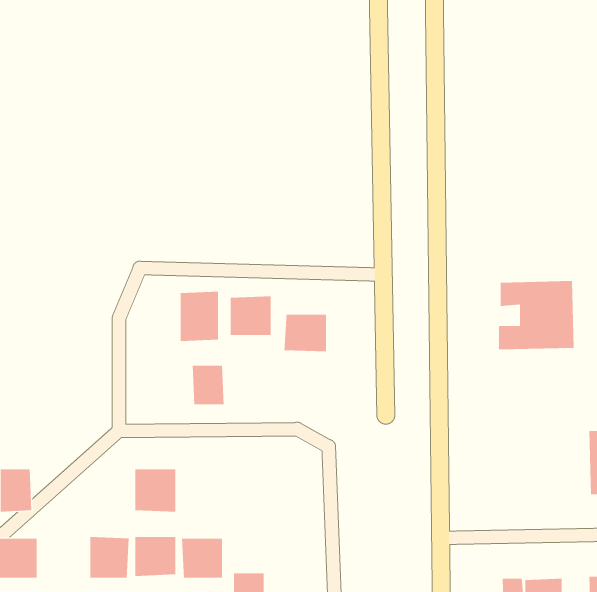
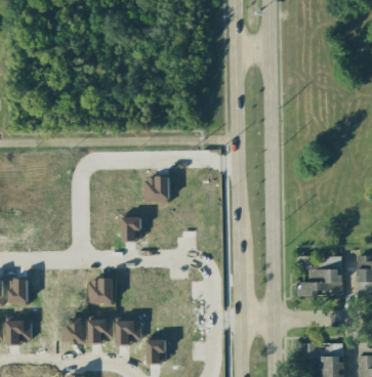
building: [498,281,574,350] -> [296,255,341,296]
building: [180,291,219,342] -> none
building: [284,314,326,352] -> none

